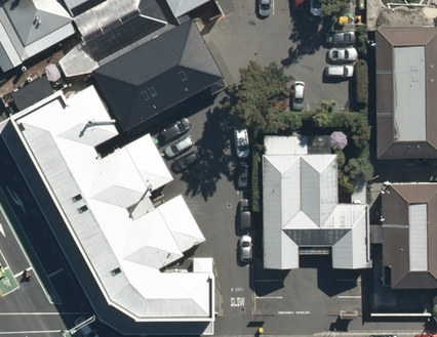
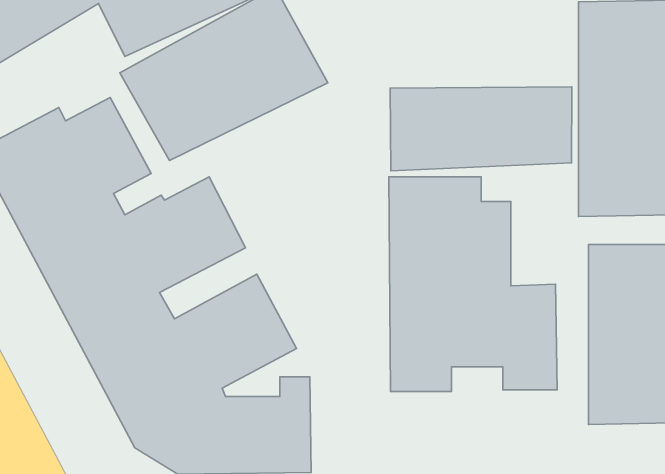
building: none -> [390,87,572,171]

